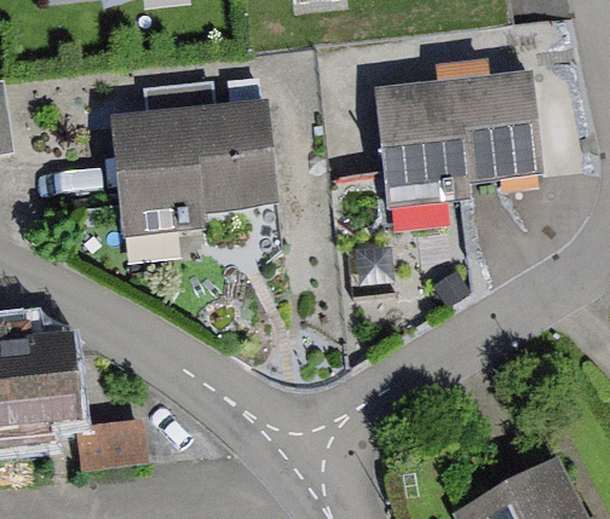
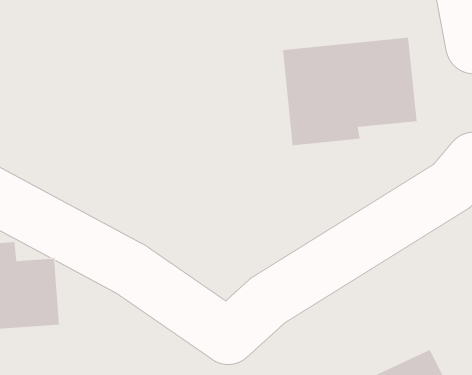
building: [119,103,276,235] -> none

